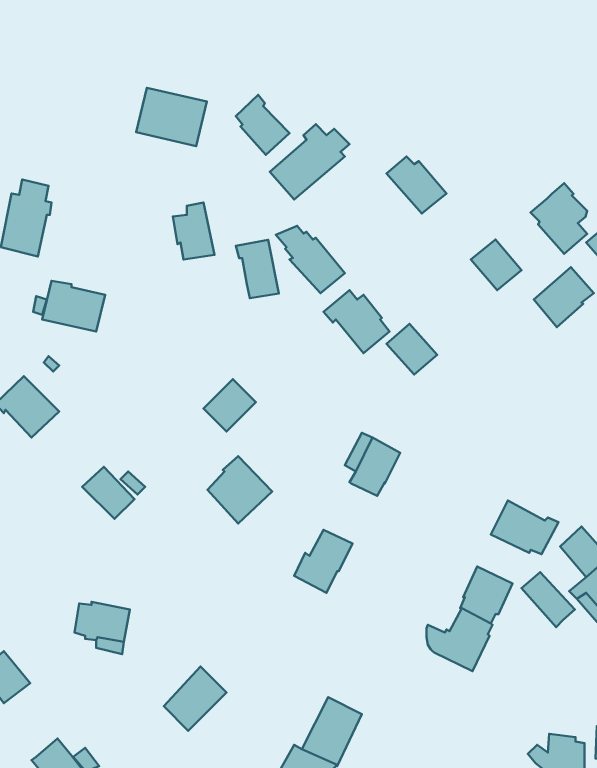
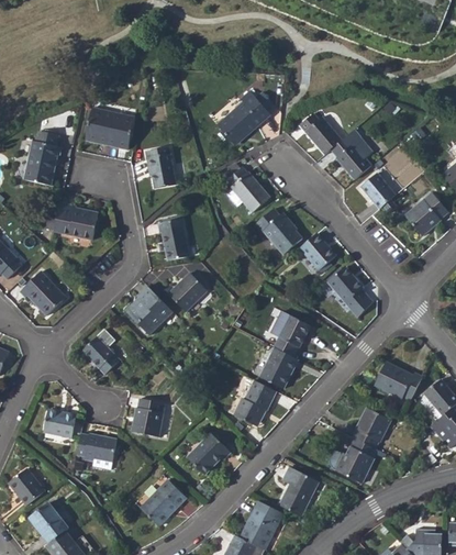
building: [136,88,207,146] -> [85,108,135,149]
building: [236,95,289,155] -> none
building: [530,183,587,254] -> [331,130,371,180]
building: [236,240,279,298] -> [158,219,189,260]
building: none -> [329,268,367,309]
building: [208,456,272,524] -> [126,287,173,335]
building: none -> [260,348,298,389]
building: none -> [132,399,164,436]
building: none -> [44,410,76,437]
building: [521,572,575,627] -> none
building: none -> [187,433,230,475]
building: none -> [279,468,318,517]
building: none -> [29,502,68,544]

